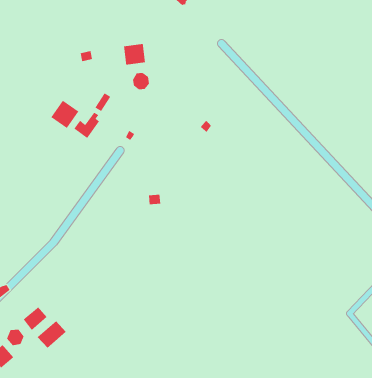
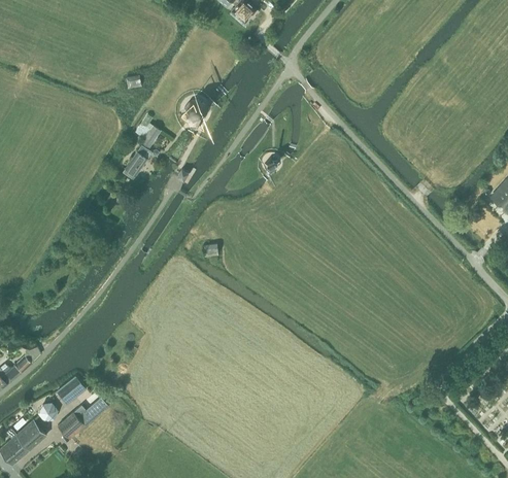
building: [124,43,146,65] -> none
building: [50,100,79,129] -> none
building: none -> [58,412,86,440]

